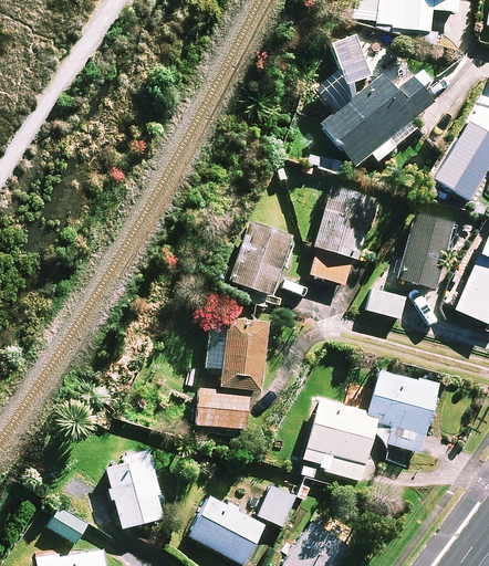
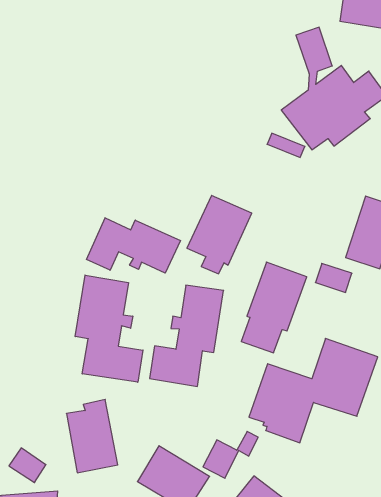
building: [310,186,376,283] -> [241,262,307,353]
building: none -> [86,218,180,273]
building: none -> [75,275,143,382]

